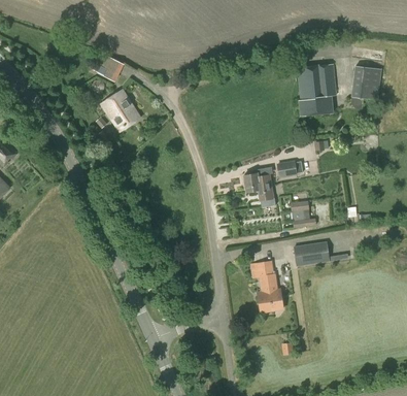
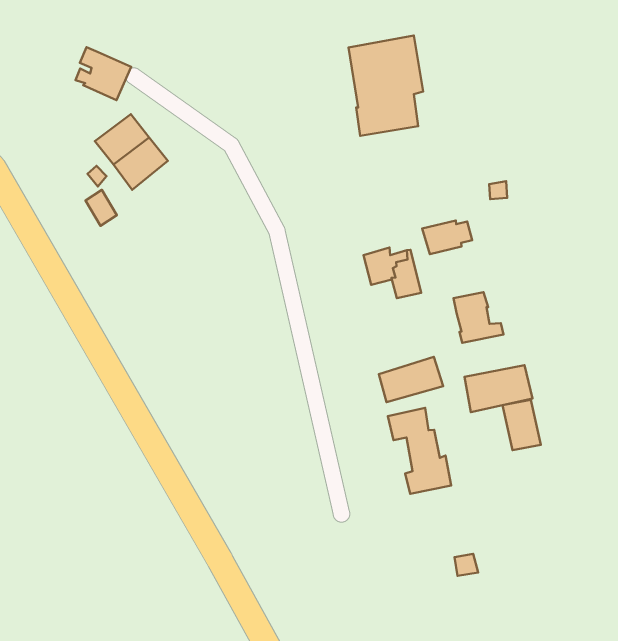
building: [297,63,336,116] -> [348,36,423,136]
building: [351,65,381,99] -> none
building: none -> [379,357,443,402]
building: none -> [502,400,541,450]

